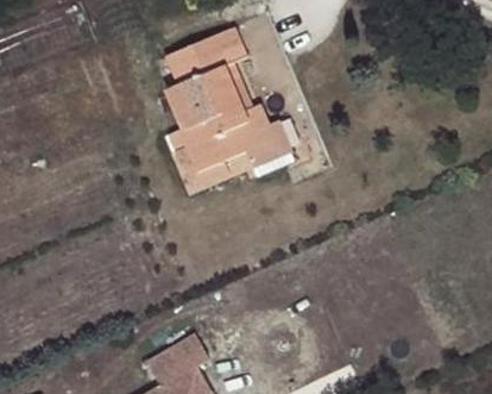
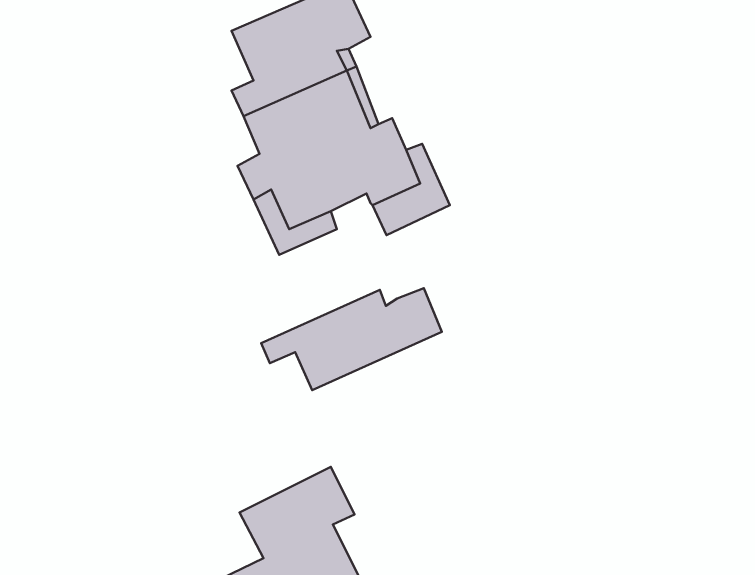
building: none -> [261,288,442,390]

